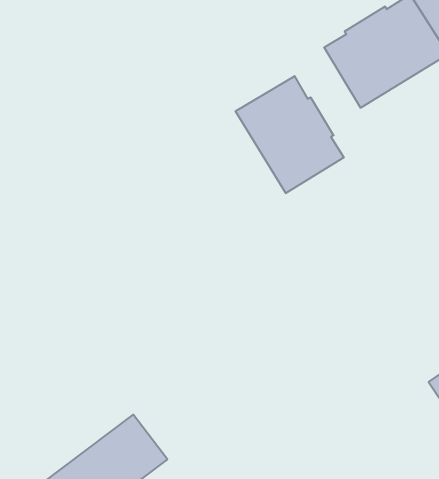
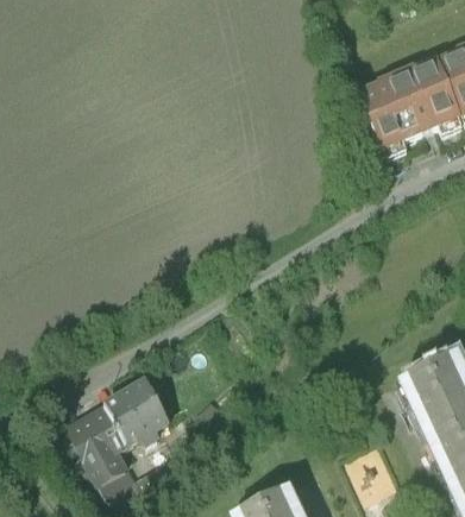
building: [236,76,344,193] -> none

